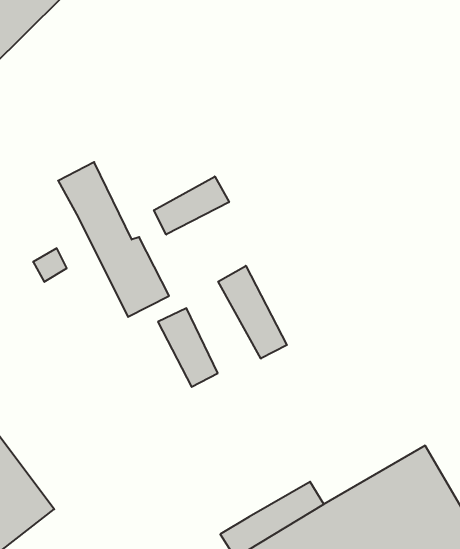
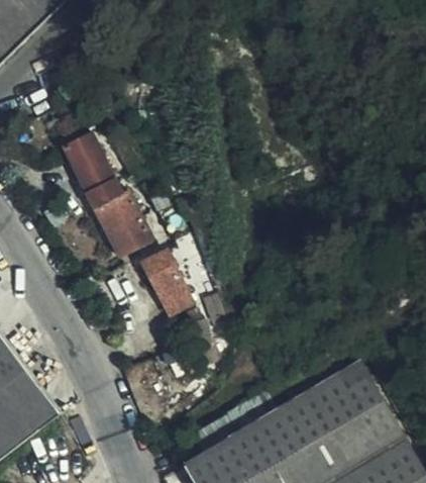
building: [154,176,229,235] -> none
building: [218,266,287,359] -> none

